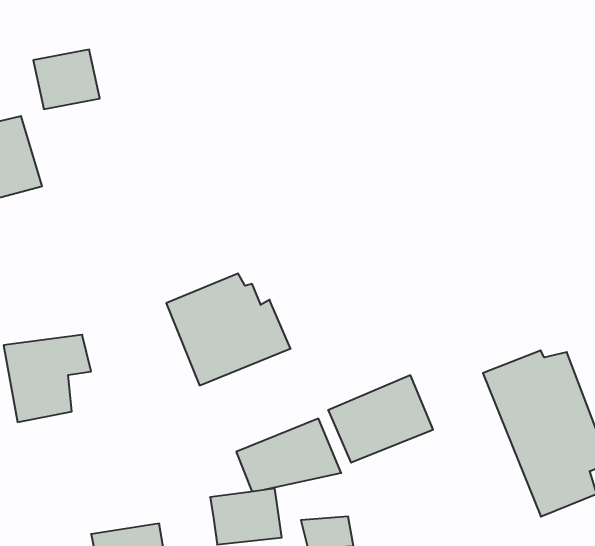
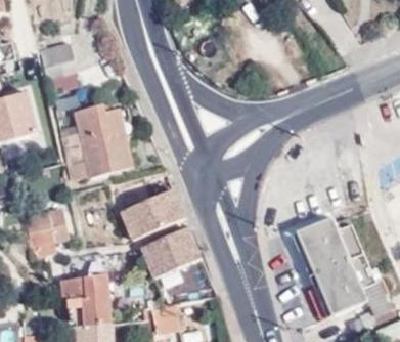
building: none -> [62,106,130,181]
building: [328,375,433,463] -> [141,228,203,280]
building: none -> [59,255,109,327]

